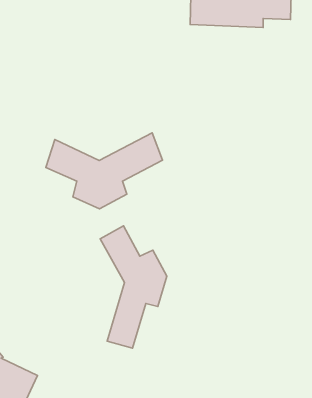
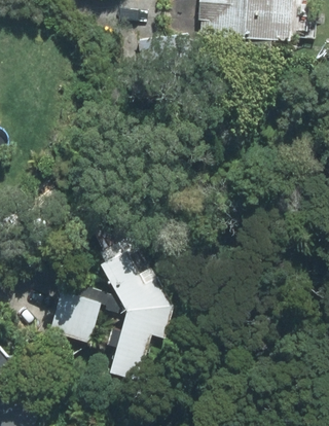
building: [46,133,162,209] -> none
building: none -> [49,290,100,341]

